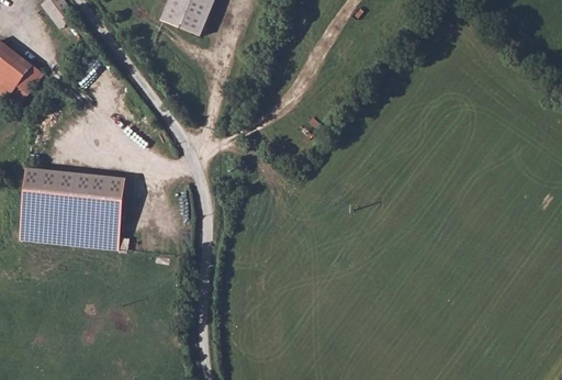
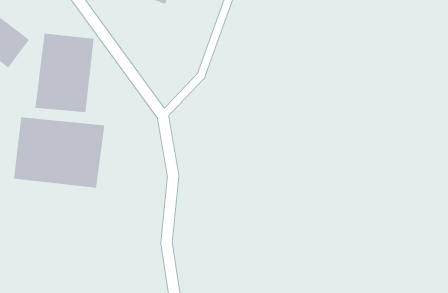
building: none -> [35,33,94,113]

